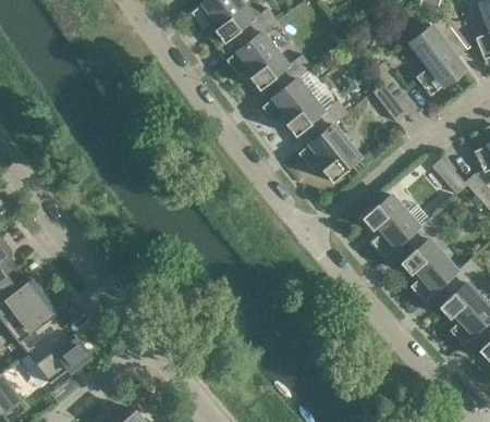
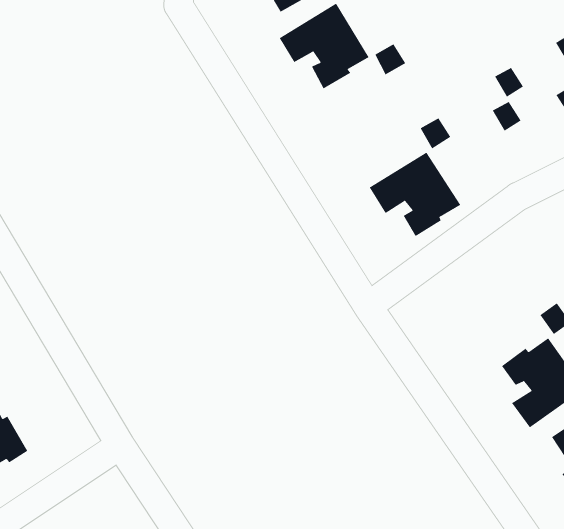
building: [261,79,323,137] -> none
building: [362,195,419,257] -> none

